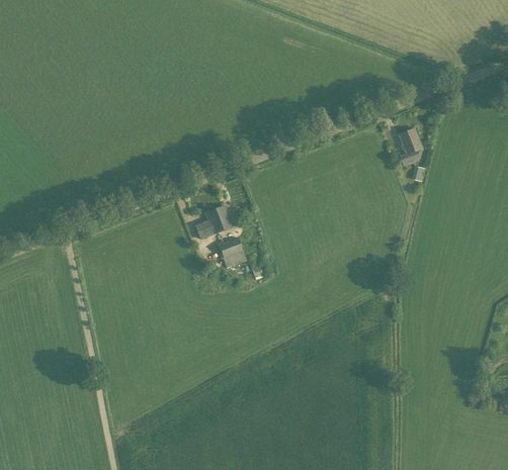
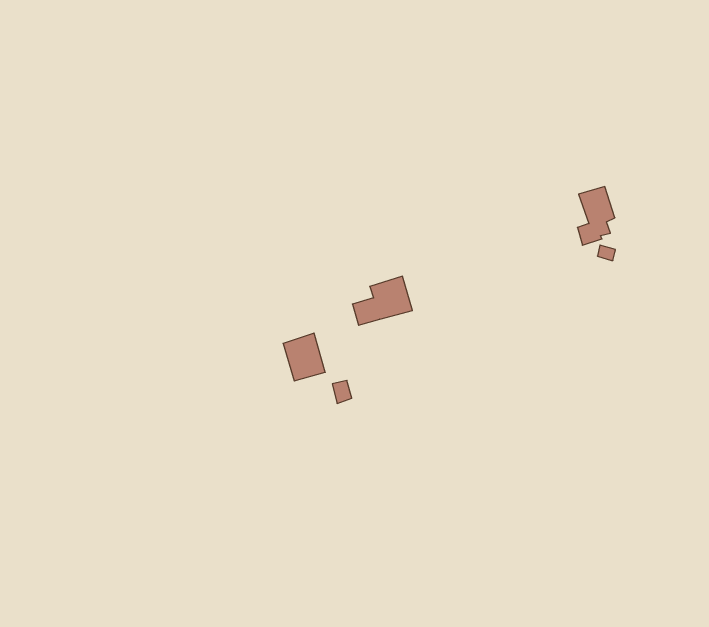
building: [194,204,233,238] -> [352,276,412,325]

